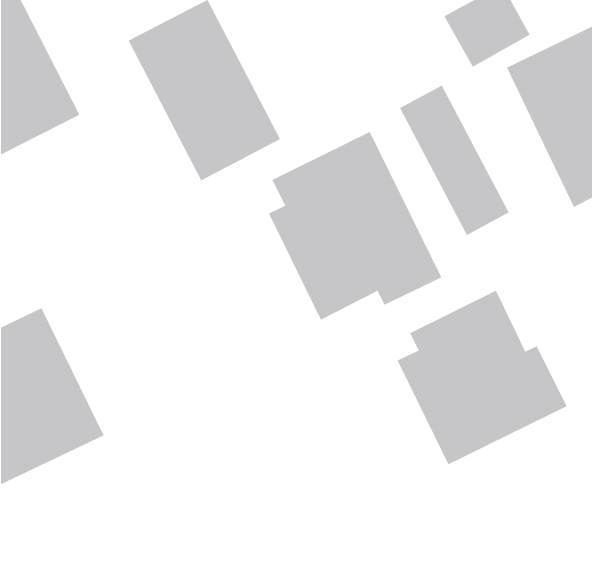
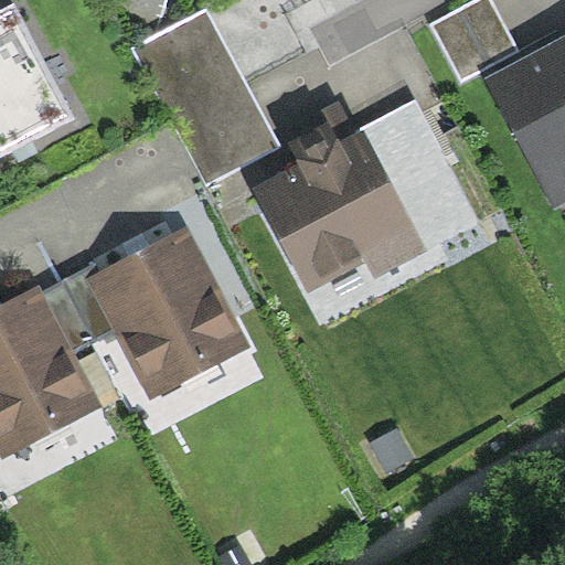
building: none -> [76,220,256,401]
building: [397,290,568,465] -> none

